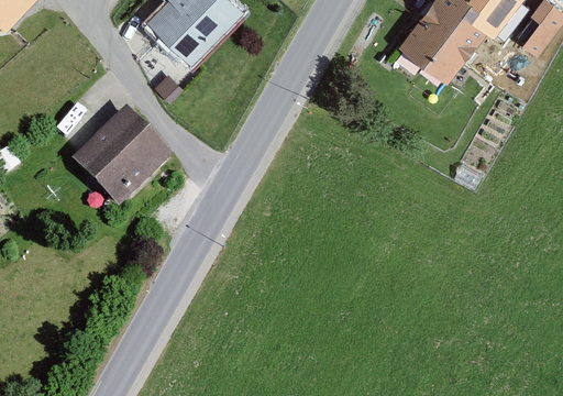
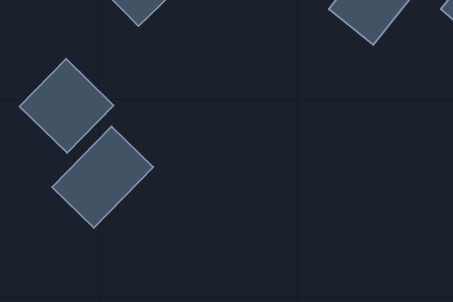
building: none -> [52,126,153,228]

